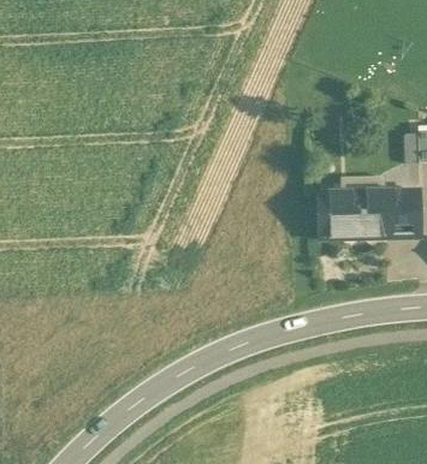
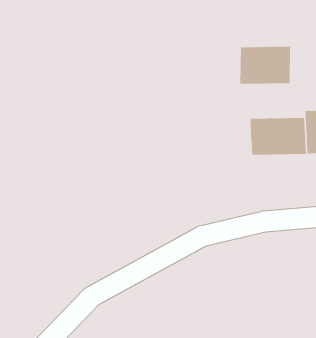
building: none -> [240,46,291,85]

